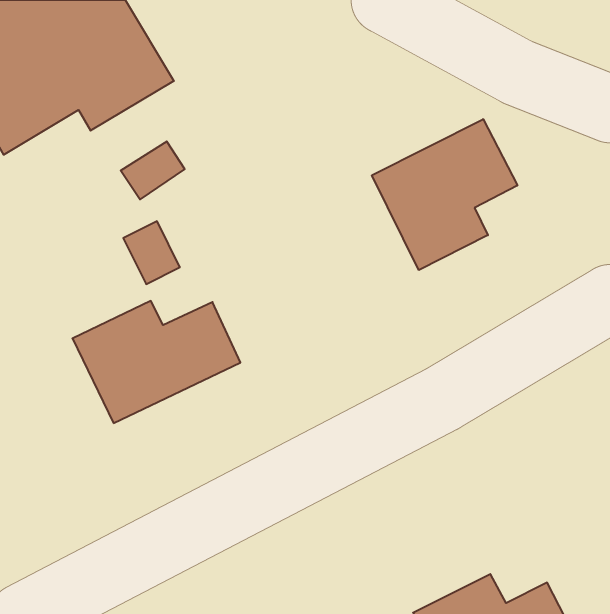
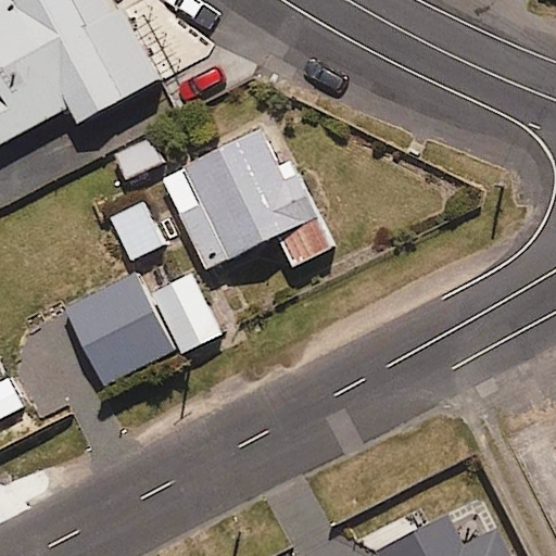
building: [372,119,517,270] -> none
building: none -> [163,122,333,267]

